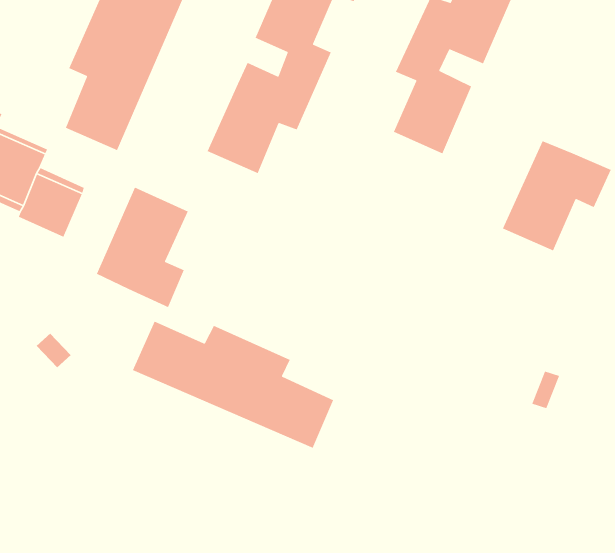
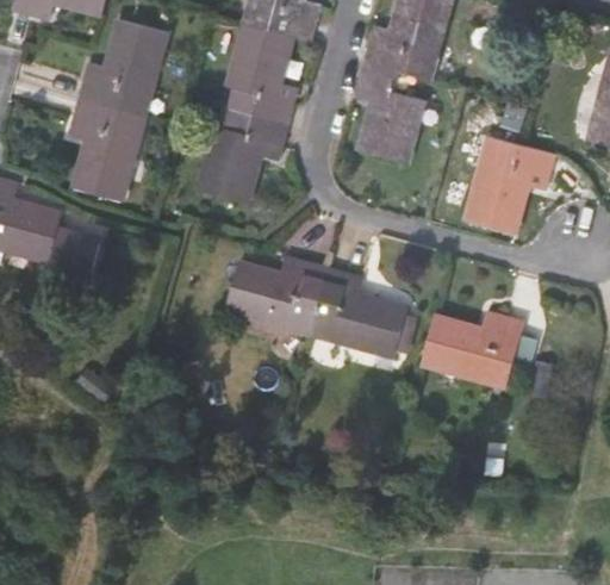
building: [96,186,189,308] -> none
building: [132,320,334,449] -> [225,259,405,354]
building: none -> [421,312,522,386]

